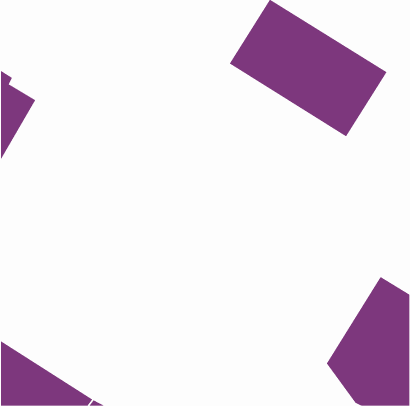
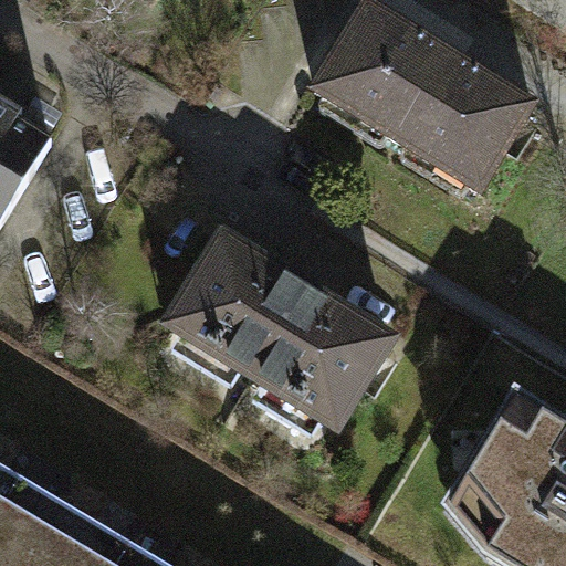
building: none -> [166,240,388,429]

